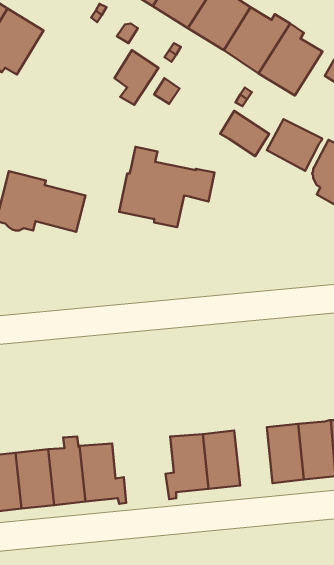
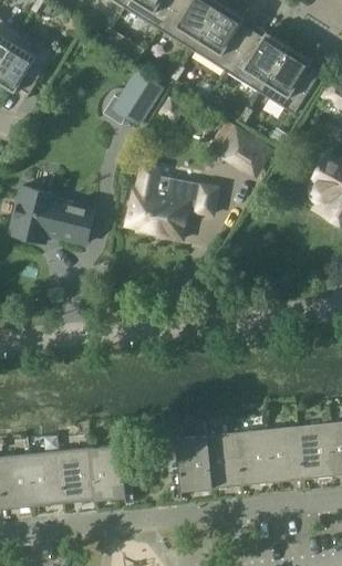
building: [267,119,322,171] -> none
building: none -> [236,429,272,484]

